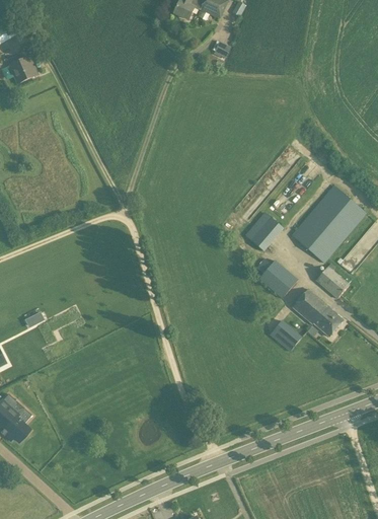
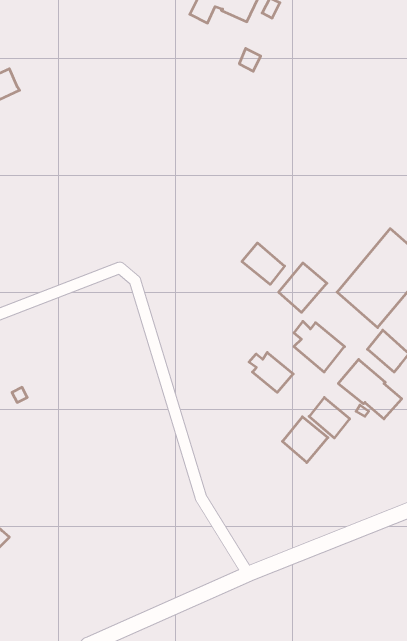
building: none -> [242,243,285,284]
building: none -> [249,352,293,392]
building: none -> [282,417,328,463]

